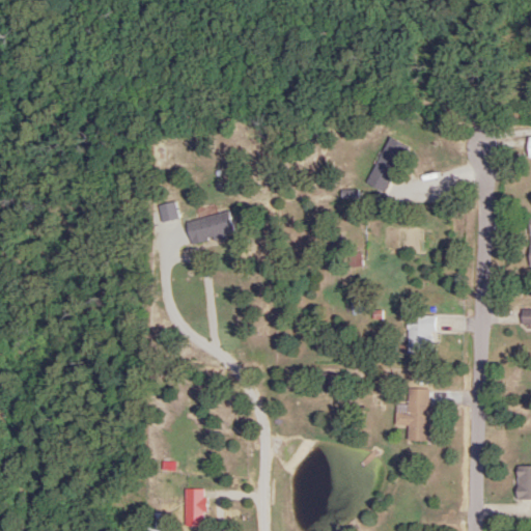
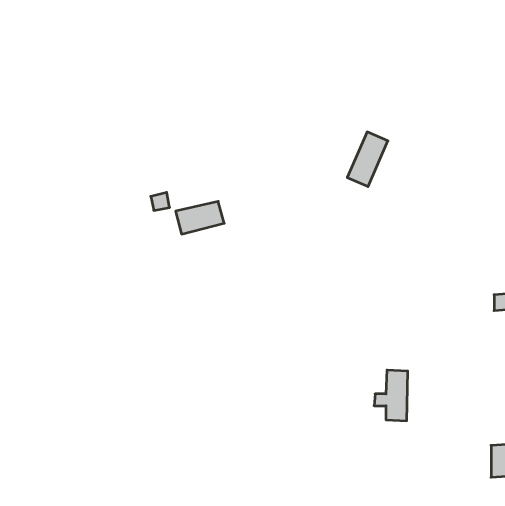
building: [406,315,431,353] -> none
building: [186,487,205,525] -> none

